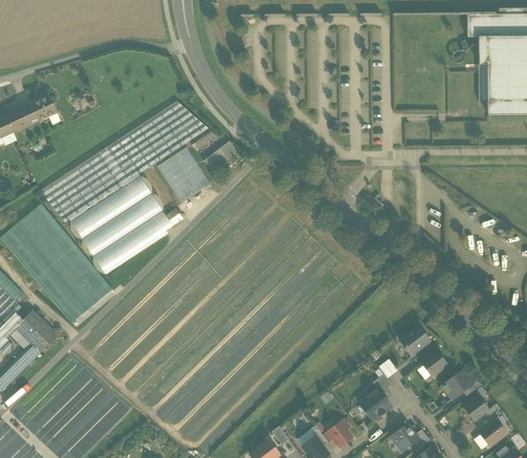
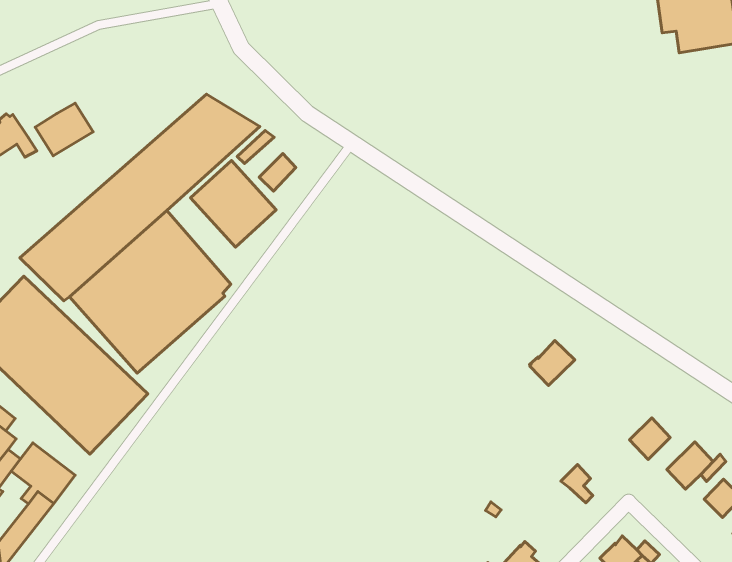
building: none -> [35,103,93,156]
building: [399,326,429,355] -> [530,340,575,386]
building: [359,388,390,420] -> none

